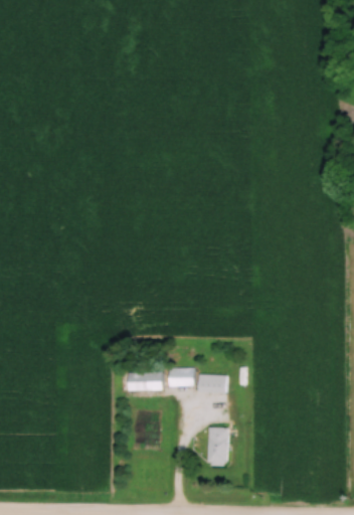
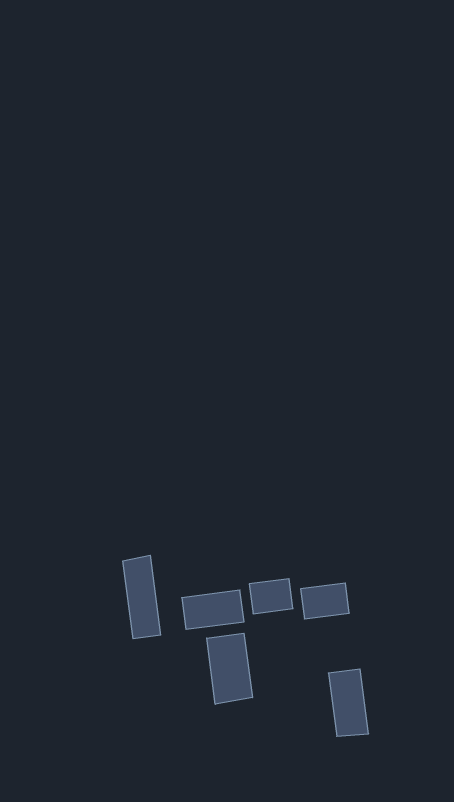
building: none -> [123,555,161,639]
building: none -> [207,633,252,704]

